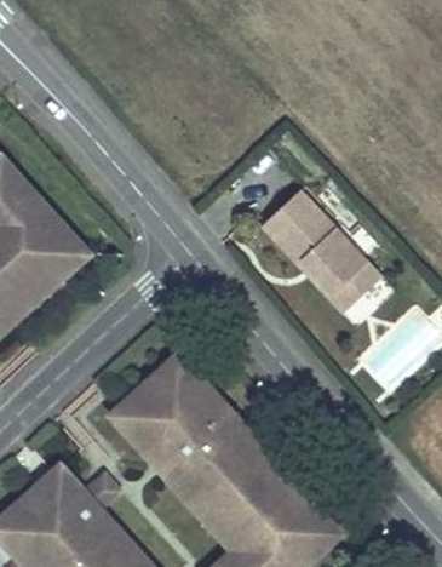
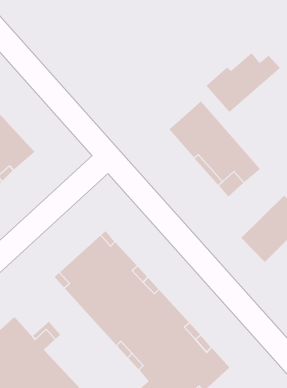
building: none -> [206,52,281,113]

